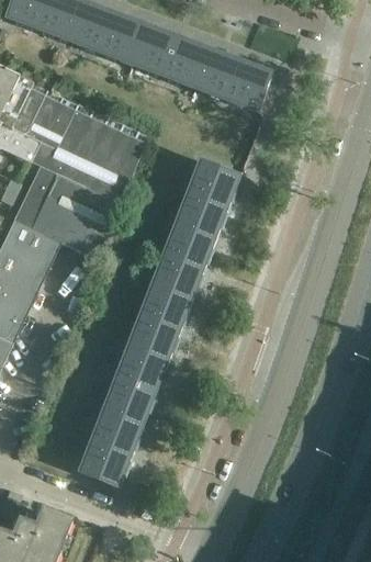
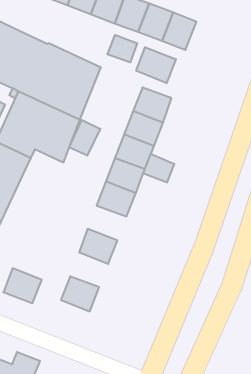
building: none -> [107,35,137,62]
building: none -> [136,47,176,83]
building: none -> [69,120,100,156]
building: none -> [143,154,174,183]
building: [128,316,180,362] -> none
building: [105,378,156,424] -> none
building: [81,440,132,486] -> [3,268,42,303]

